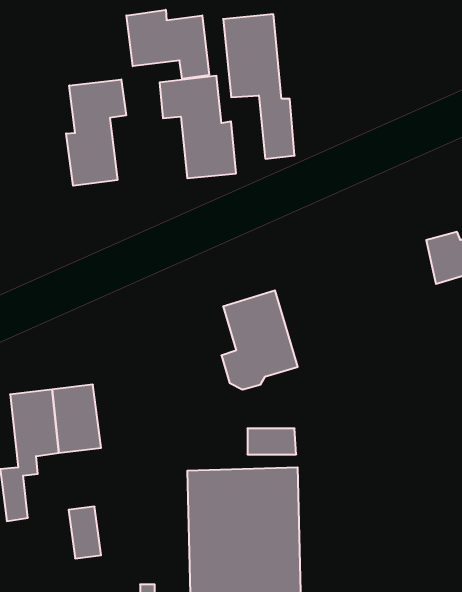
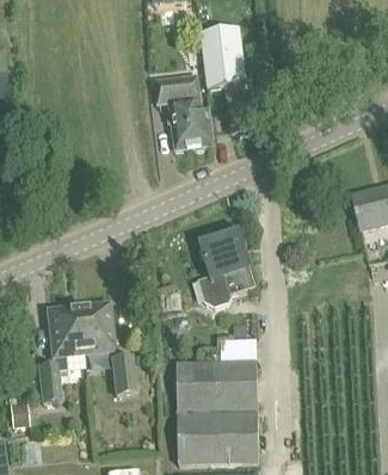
building: [126,10,209,79] -> none
building: [66,79,126,186] -> none
building: [69,507,101,558] -> [111,353,135,391]

